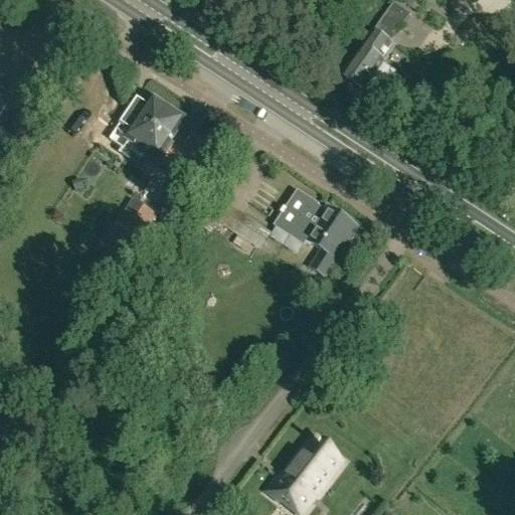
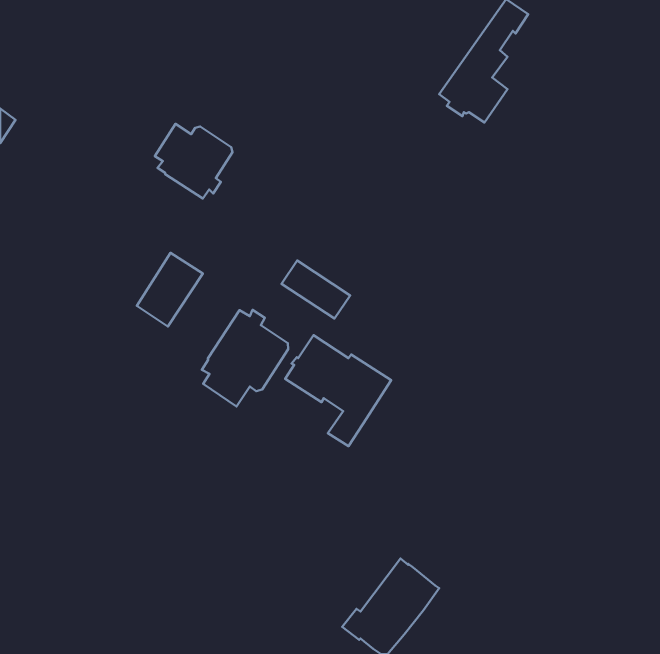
building: [276,189,358,276] -> [285,335,391,446]
building: none -> [202,310,288,407]

